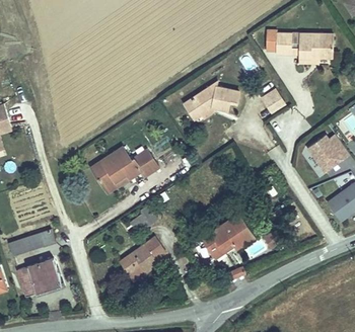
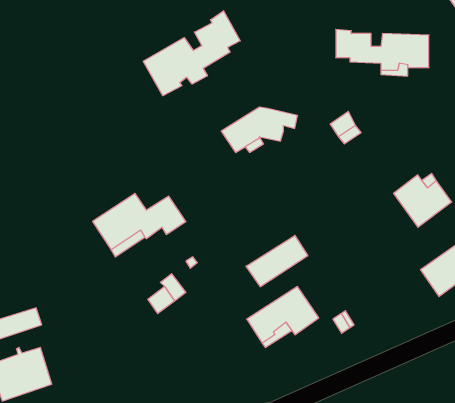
building: none -> [143,11,240,96]
building: none -> [246,235,308,287]
building: [119,237,165,281] -> none

